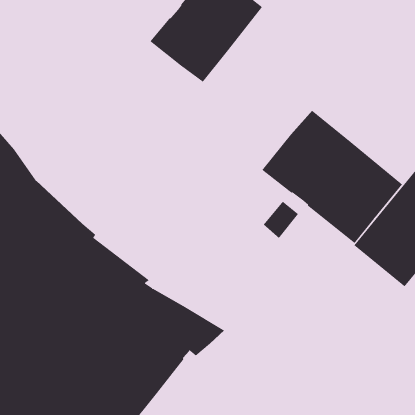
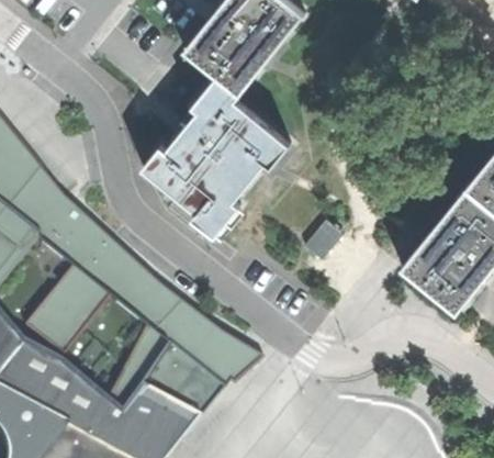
building: none -> [143,75,290,234]
building: [261,110,403,244] -> none

